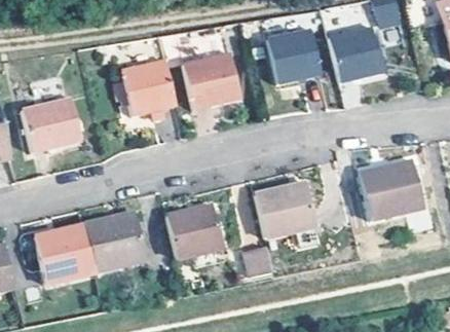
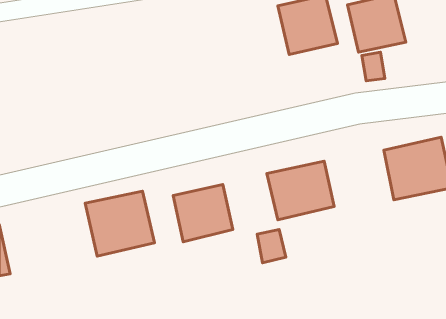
building: [181,52,239,104] -> none
building: [121,60,176,115] -> none
building: [21,98,79,150] -> none
building: [35,222,96,284] -> none

